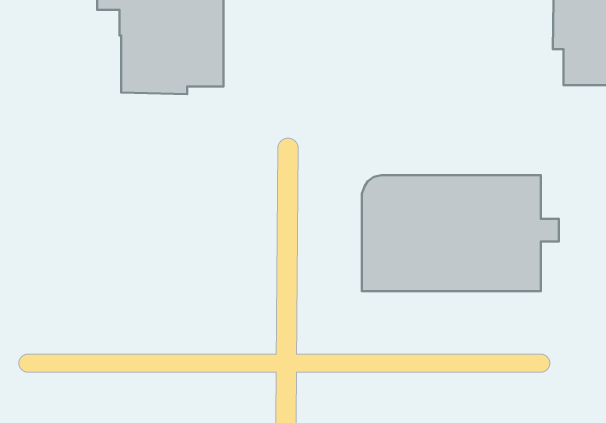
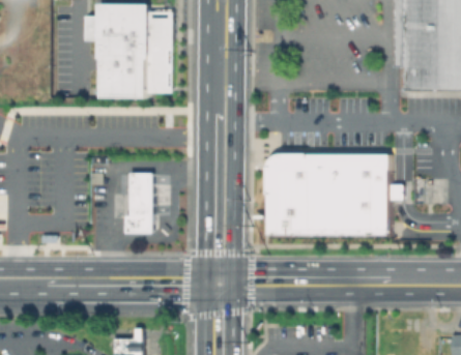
building: none -> [124,174,152,234]

